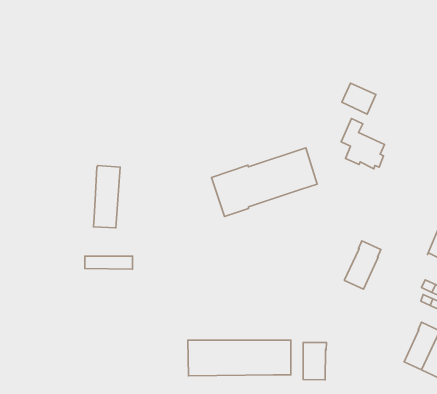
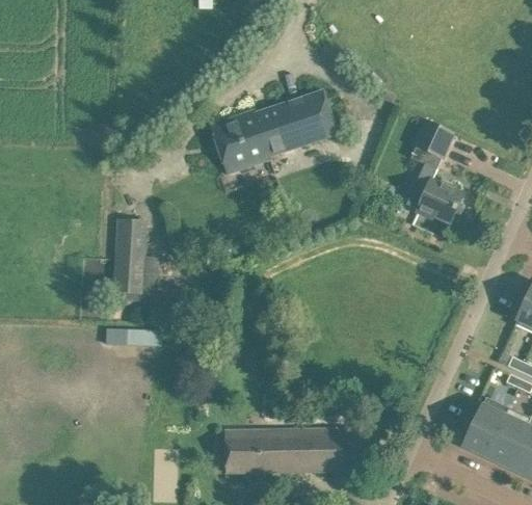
building: [211,148,317,216] -> [210,90,337,172]
building: [345,241,381,289] -> [463,397,507,455]
building: [303,342,327,380] -> none

